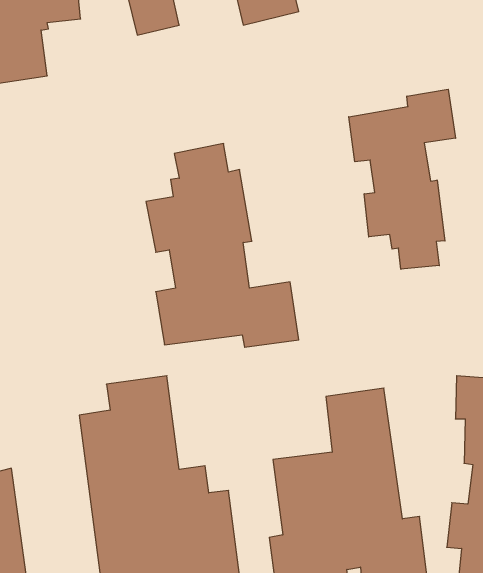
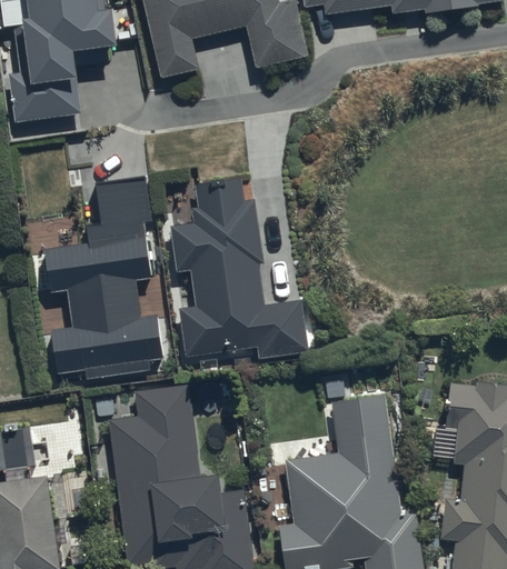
building: [349,89,456,269] -> none
building: none -> [43,172,165,378]

